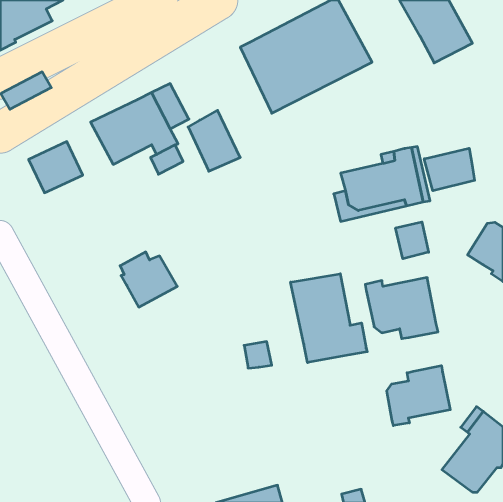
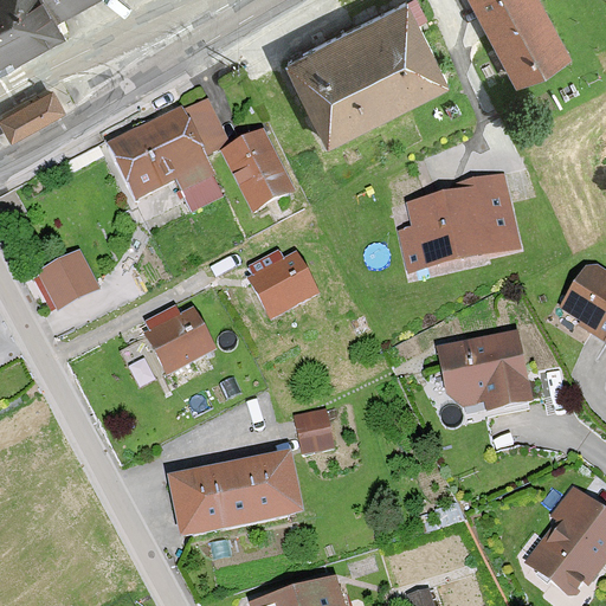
building: [29,142,83,193] -> [36,257,101,318]
building: [424,148,475,191] -> none
building: none -> [249,250,315,316]
building: [396,222,429,259] -> none
building: [291,274,367,363] -> none
building: [387,366,450,426] -> none
building: none -> [173,458,292,533]

